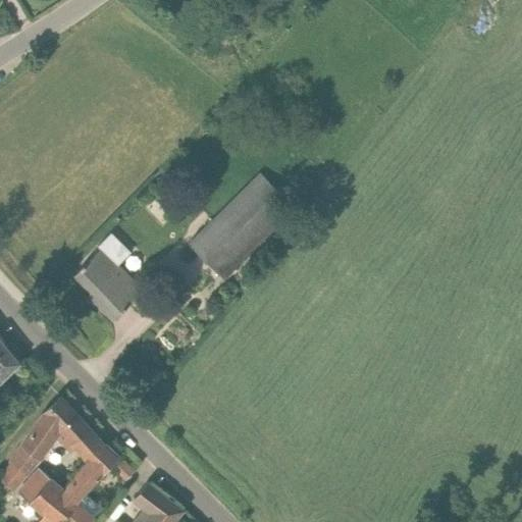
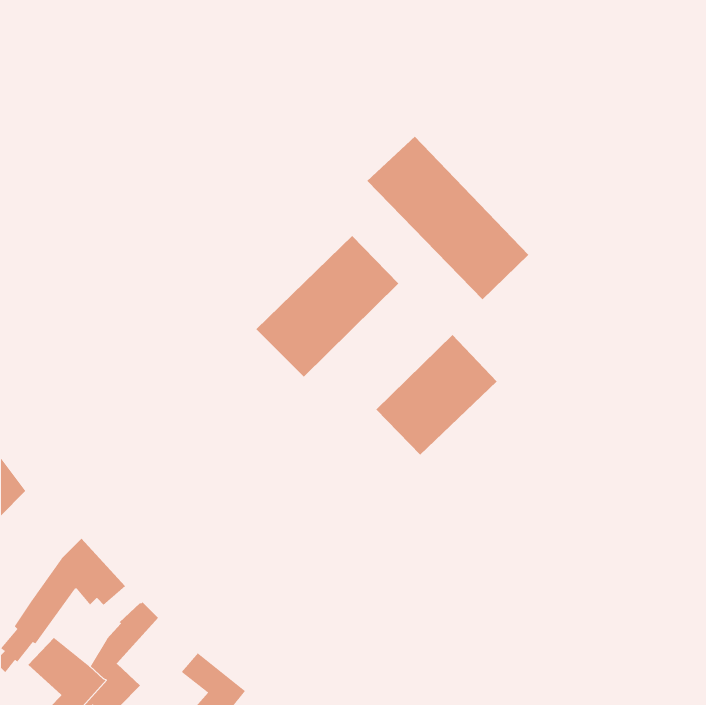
building: none -> [367,136,529,300]
building: [76,233,143,320] -> none
building: none -> [375,334,497,455]

